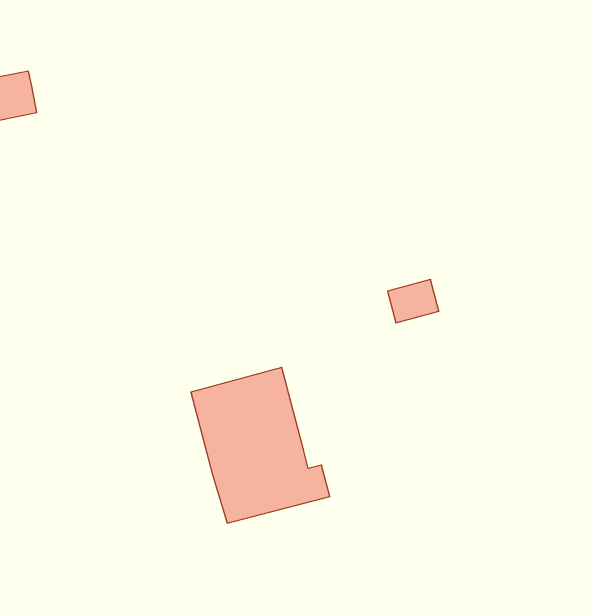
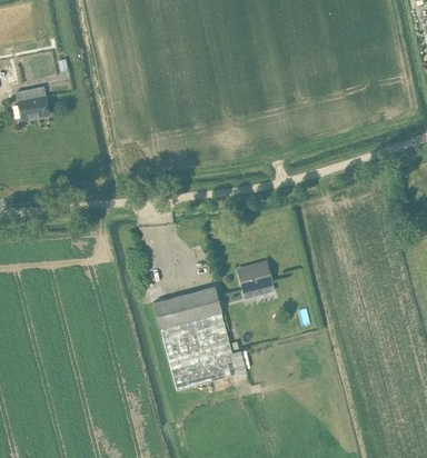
building: [388,280,439,323] -> [237,260,271,289]

